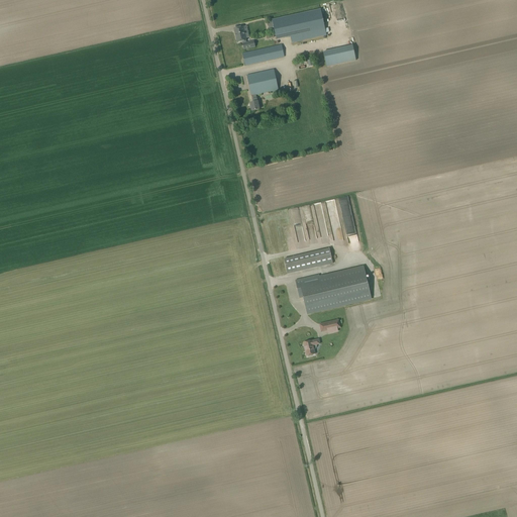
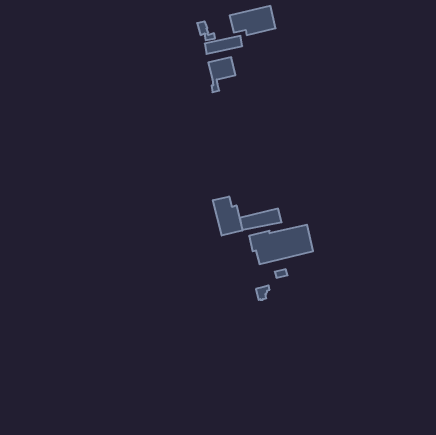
building: [323,43,356,65] -> none
building: none -> [213,196,242,236]

